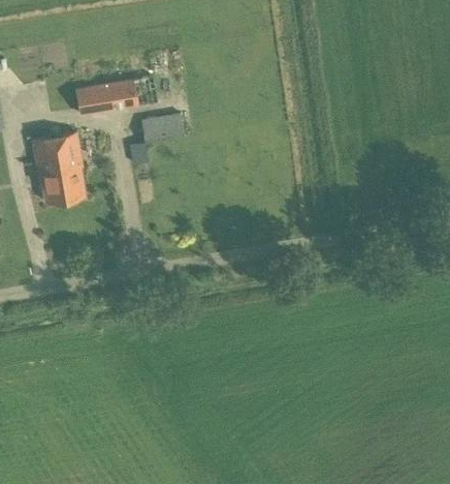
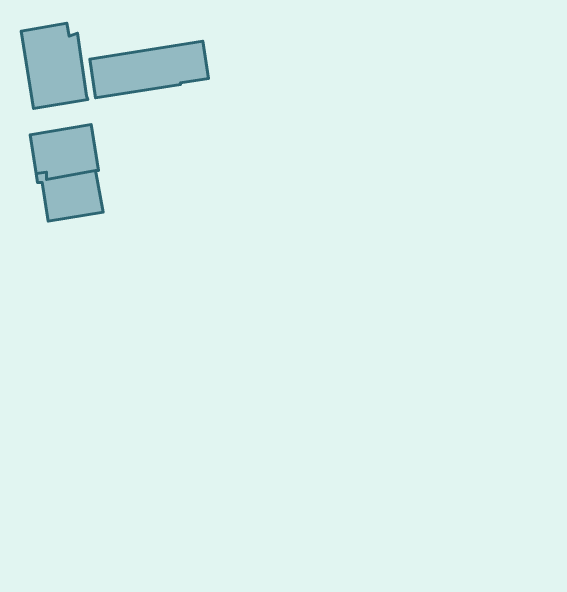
building: none -> [21,23,88,109]
building: [129,112,185,162] -> none

